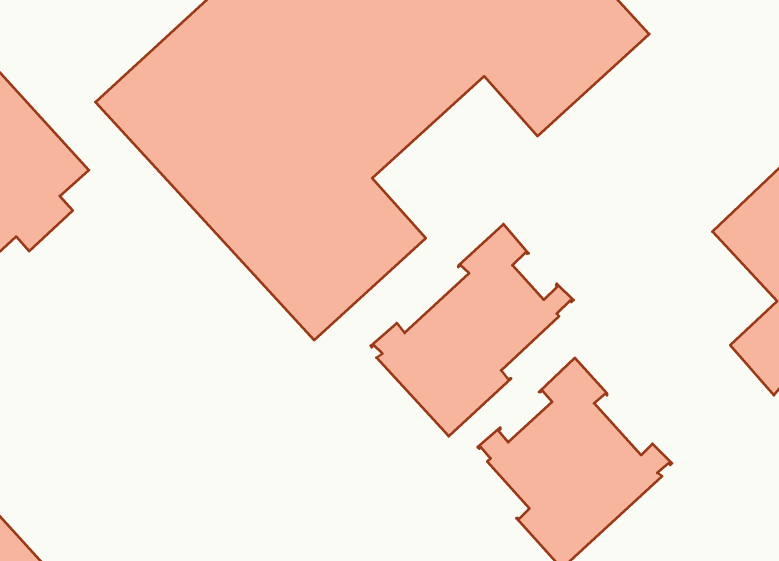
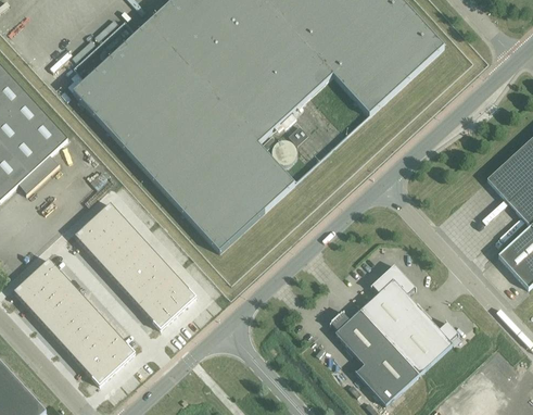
building: [371,224,574,436] -> none
building: none -> [75,201,195,327]
building: none -> [14,257,135,382]

